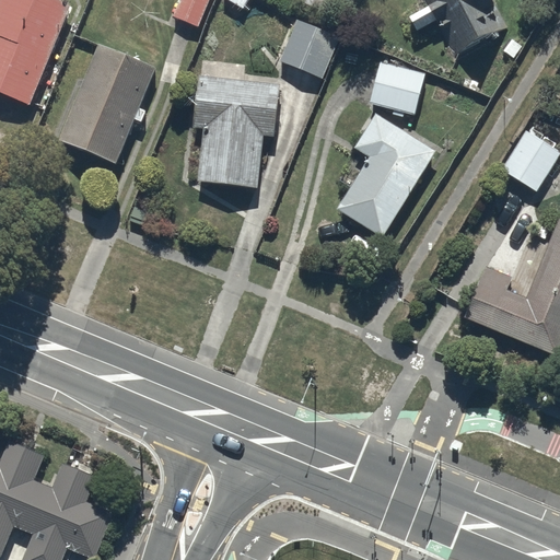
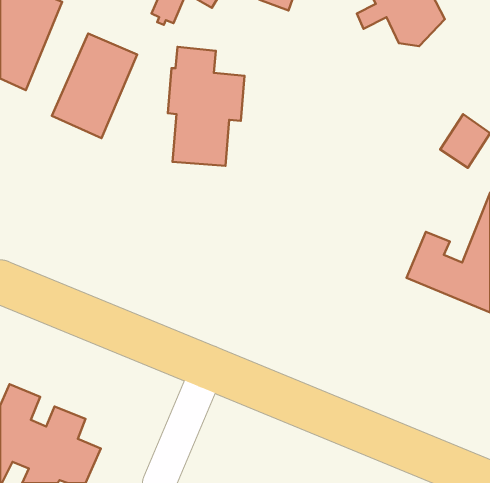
building: [279,13,340,79] -> none
building: [370,60,424,114] -> none
building: [335,115,435,240] -> none

